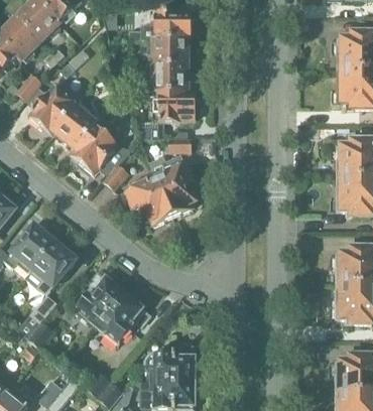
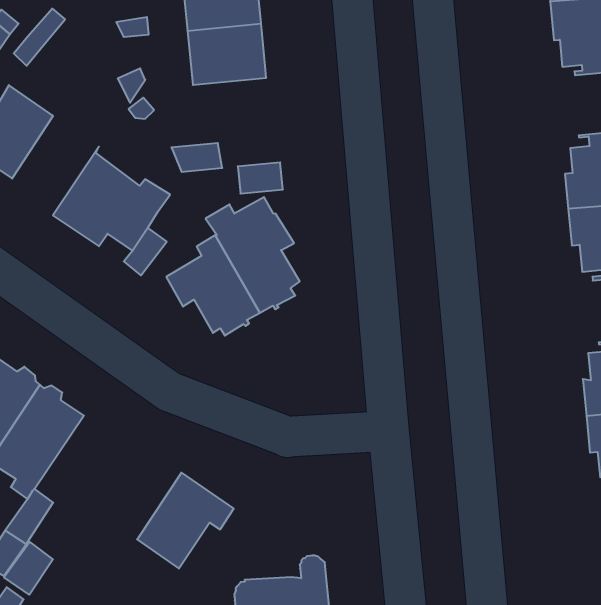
building: [157,88,195,121] -> none
building: [50,103,97,154] -> none
building: [76,272,123,325] -> none

